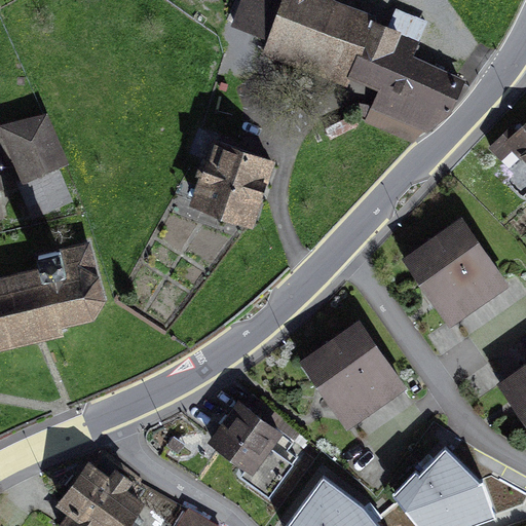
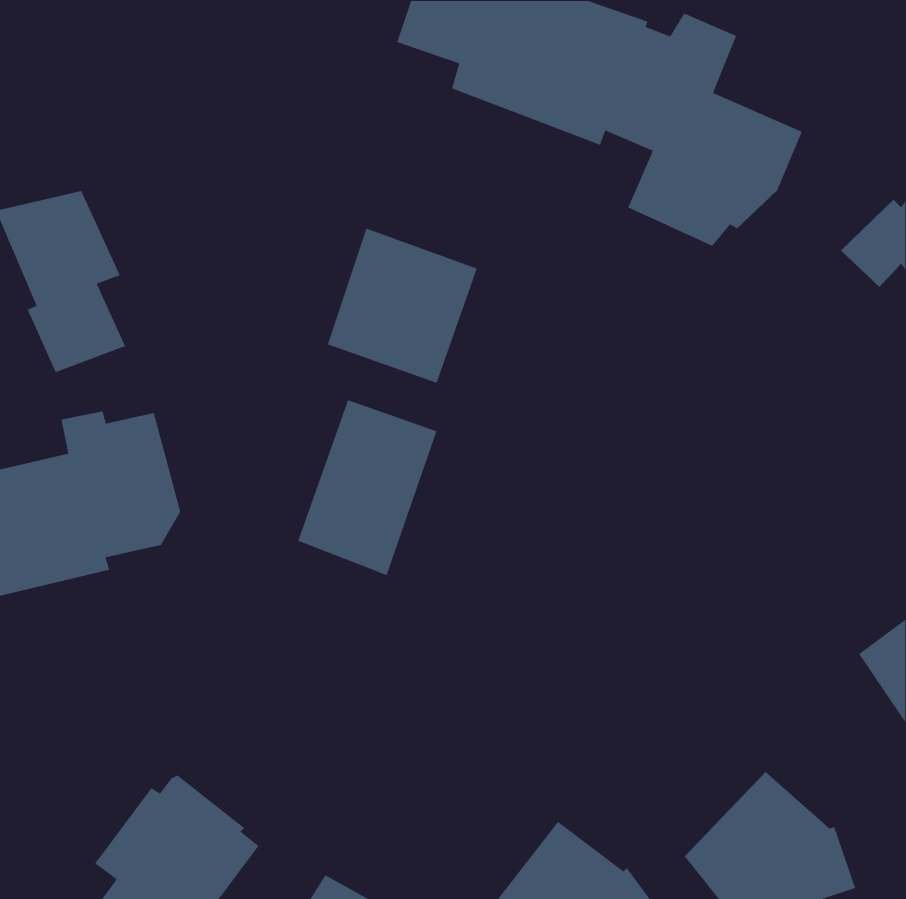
building: [402,216,509,325] -> none
building: none -> [297,399,438,576]
building: [298,317,407,429] -> none
building: [205,400,308,500] -> none

